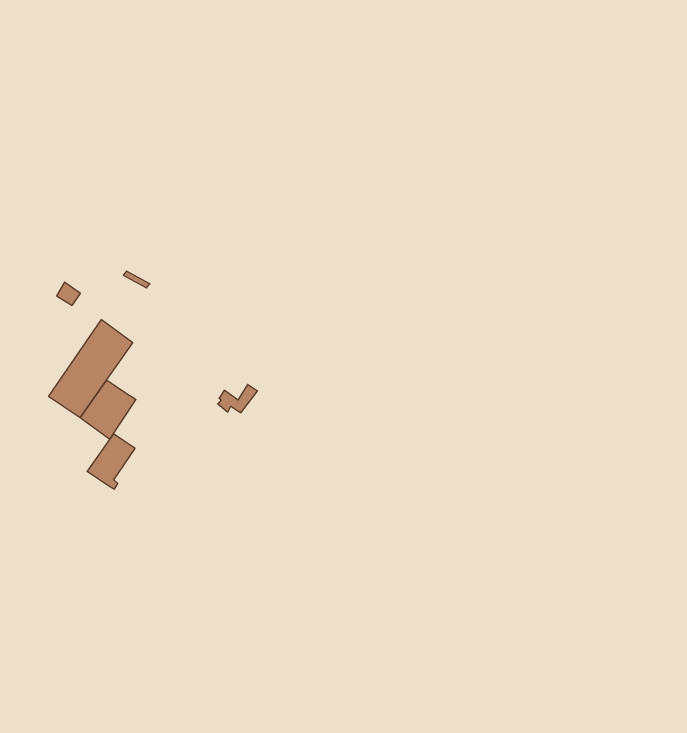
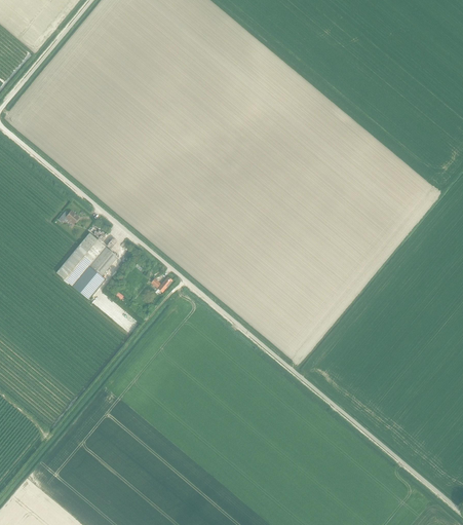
building: [87,434,135,489] -> [89,247,117,277]

